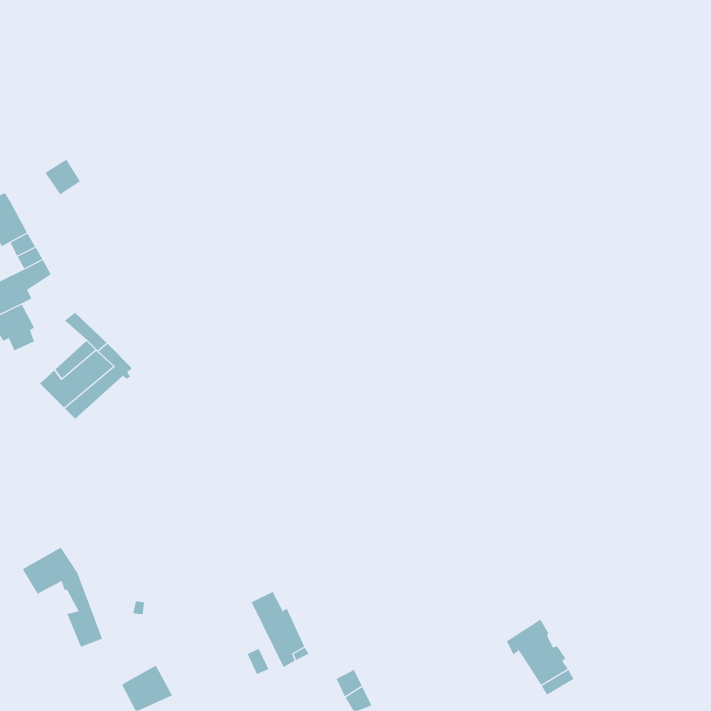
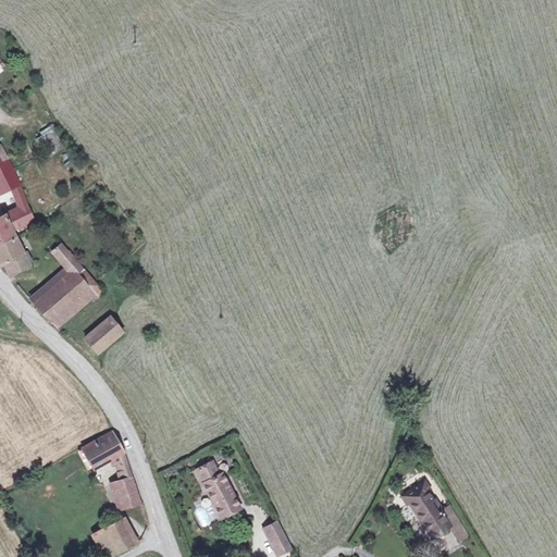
building: none -> [86,318,123,354]
building: [22,547,103,647] -> [77,430,140,508]

